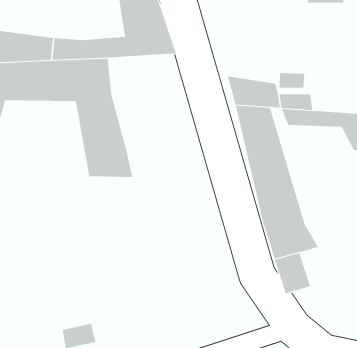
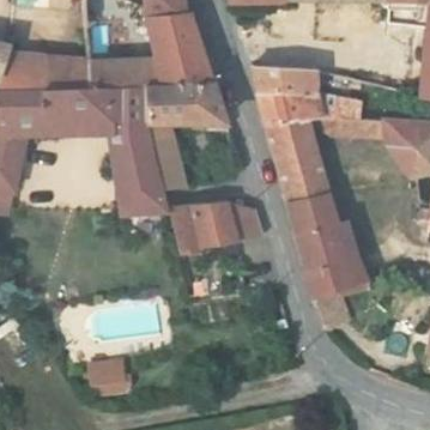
building: none -> [258,68,317,105]
building: none -> [138,73,228,178]
building: none -> [164,202,254,244]

